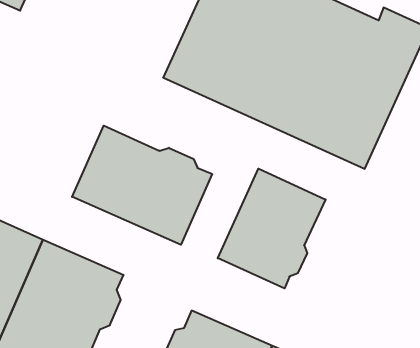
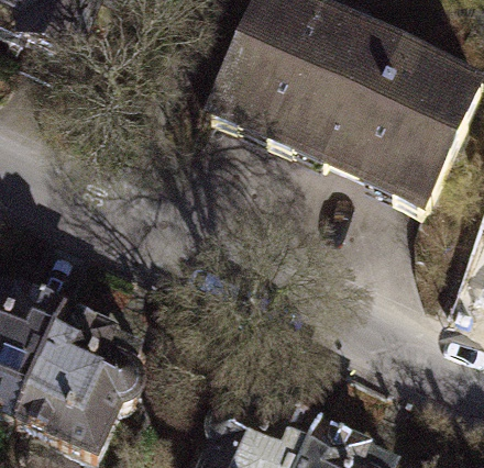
building: [72,126,212,245] -> none
building: [218,169,326,288] -> none

